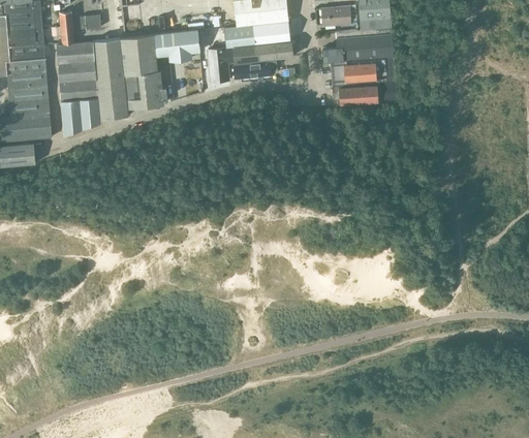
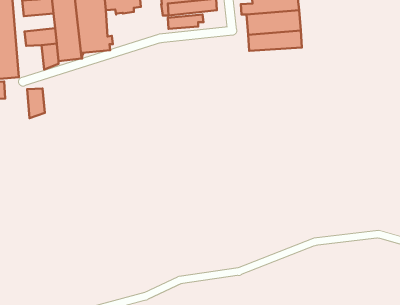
building: [208,49,229,83] -> none
building: [58,61,96,83] -> none
building: [61,99,83,135] -> [27,88,45,118]

